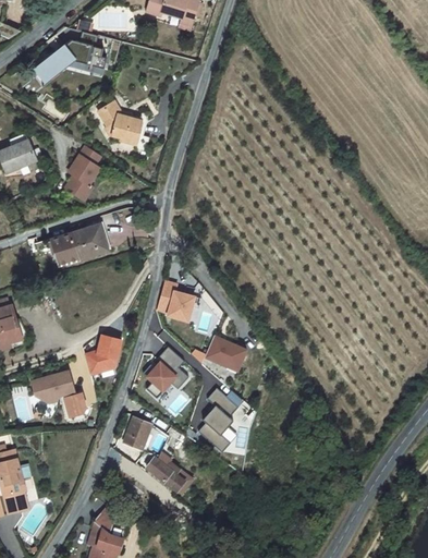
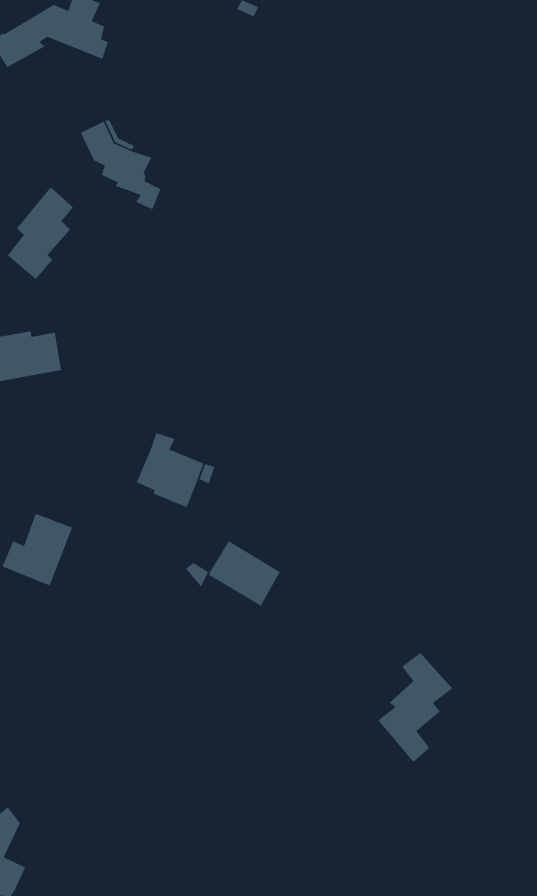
building: [142,347,188,398] -> none
building: [195,387,236,451] -> [377,652,453,763]
building: [123,417,150,447] -> none
building: [146,457,184,490] -> none

